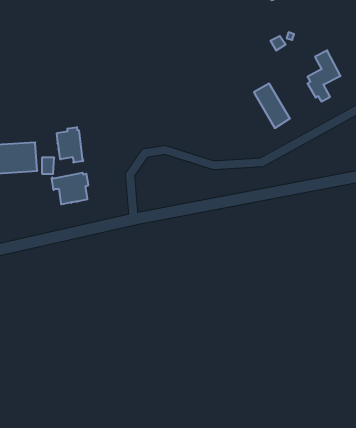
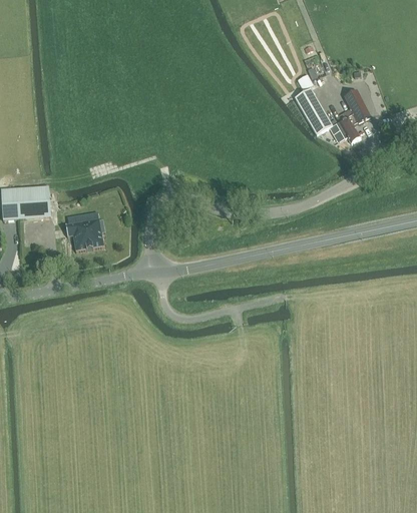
building: [254,84,290,128] -> [294,86,332,133]
building: [57,127,83,163] -> none

